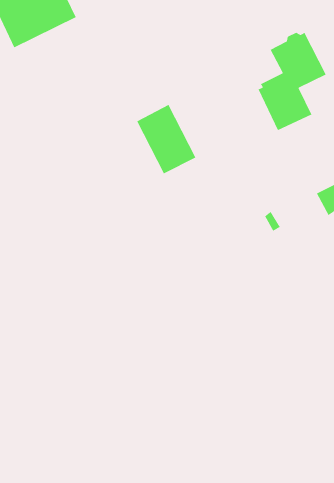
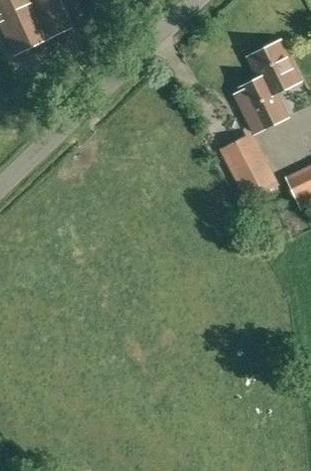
building: [136,104,197,175] -> [221,136,277,200]

